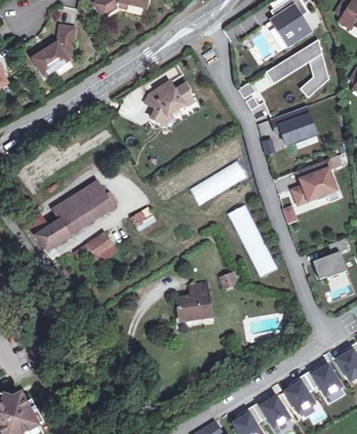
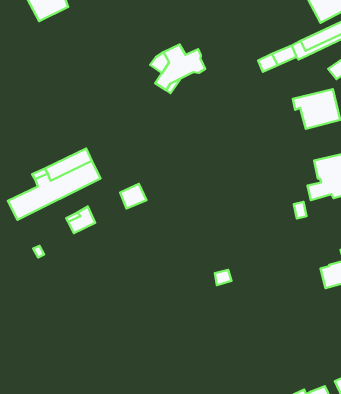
building: [189,158,248,205] -> none
building: [230,203,277,277] -> none
building: [177,285,210,318] -> none

